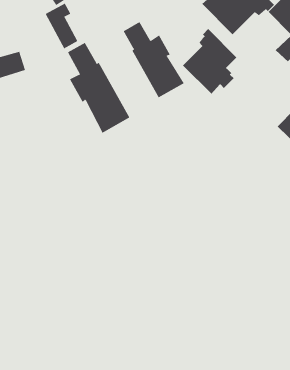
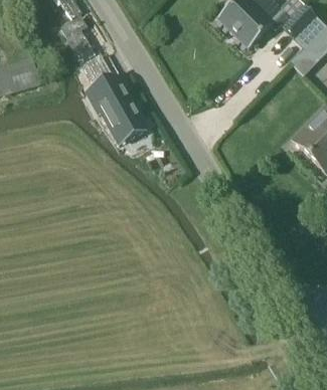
building: [123,21,184,98] -> none
building: [182,28,237,95] -> none

